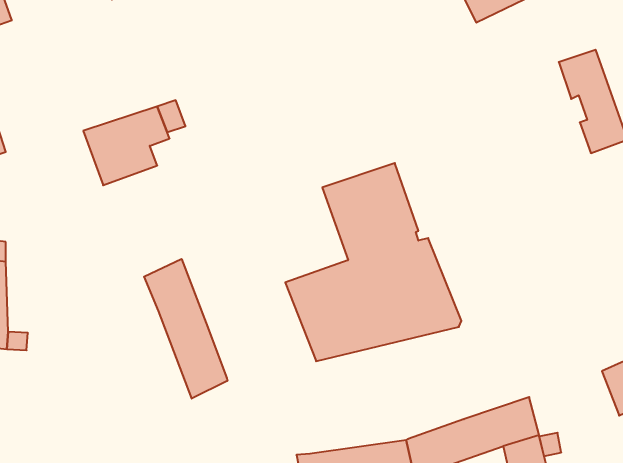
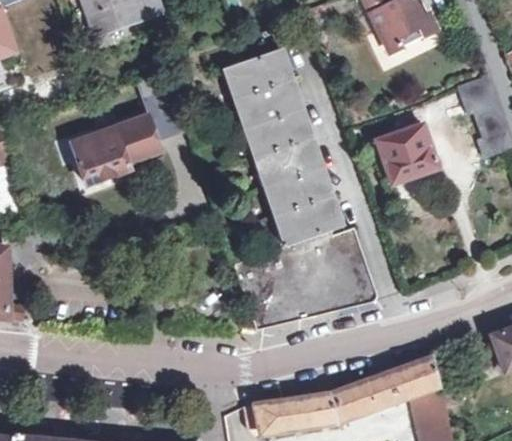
building: none -> [224,49,323,187]
building: none -> [377,124,439,183]
building: [144,259,227,399] -> none

